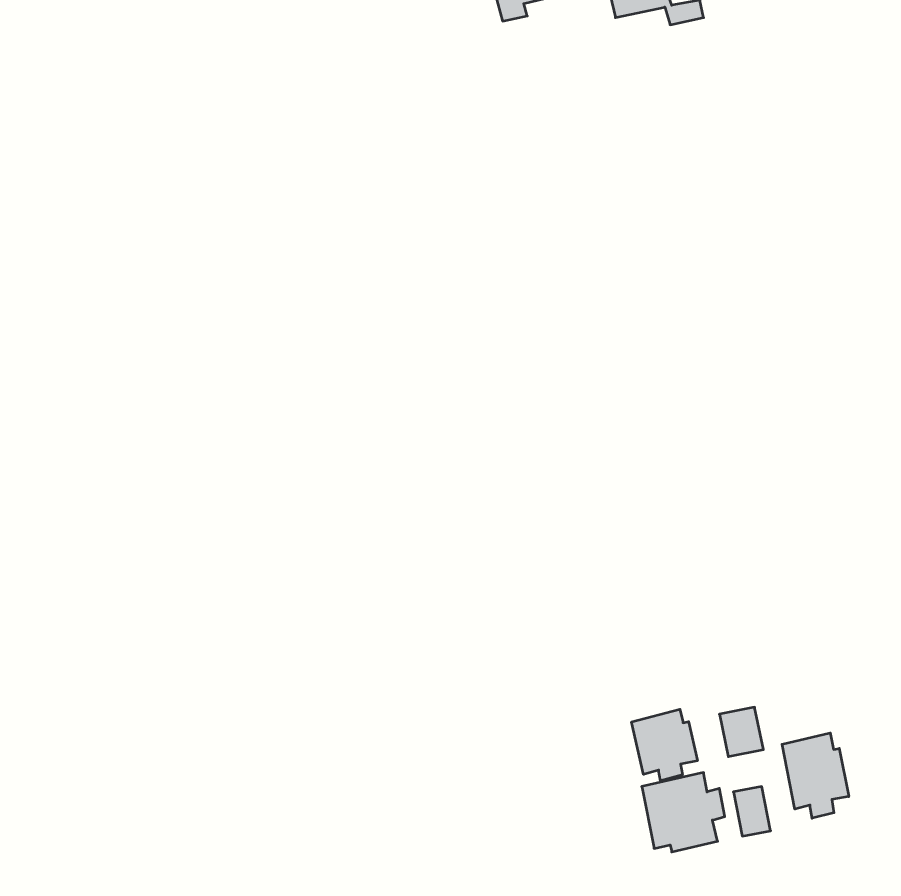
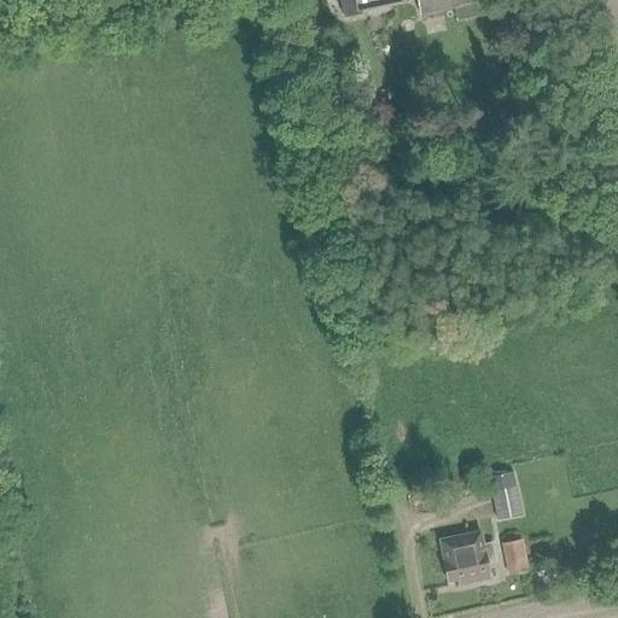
building: [632,709,697,781] -> none
building: [782,733,849,818] -> none

